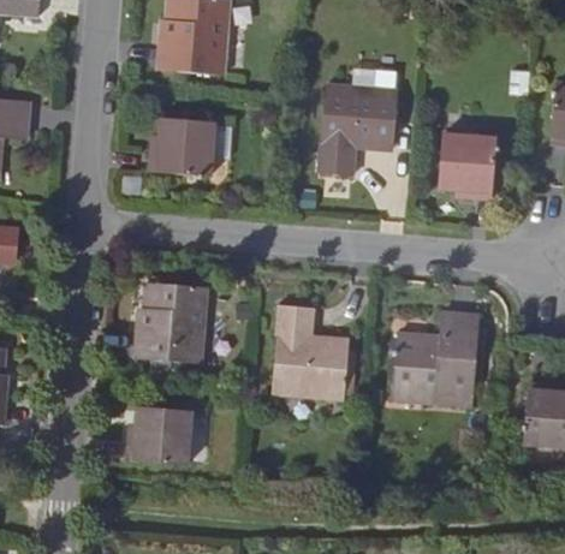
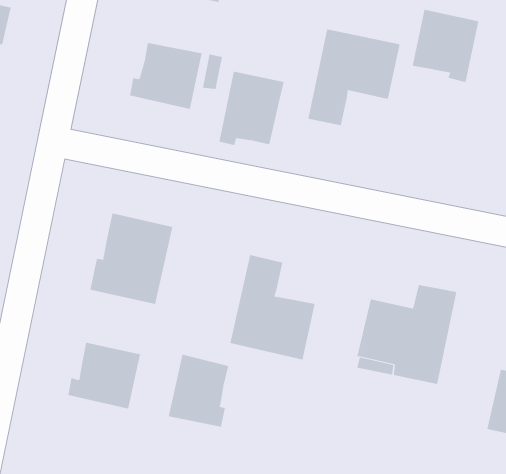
building: [438,135,495,198] -> [412,9,479,83]
building: none -> [219,71,284,146]
building: none -> [168,354,229,428]

